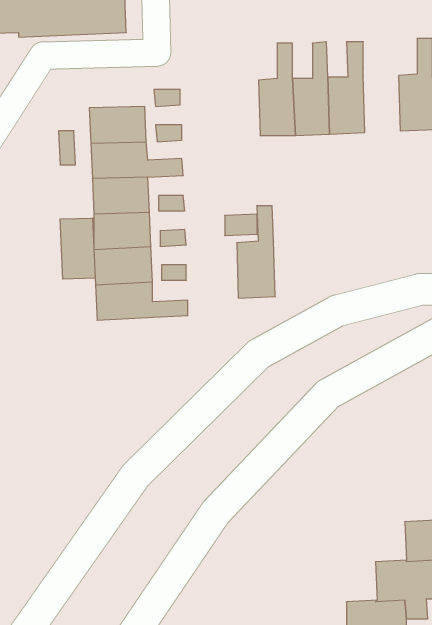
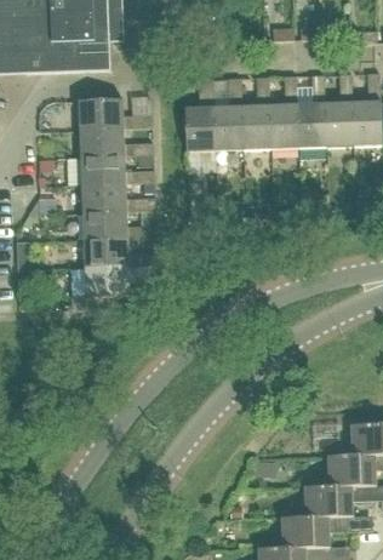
building: none -> [295,75,324,148]
building: none -> [78,98,122,128]
building: [237,206,275,298] -> [183,79,213,152]
building: [60,218,95,279] -> none

